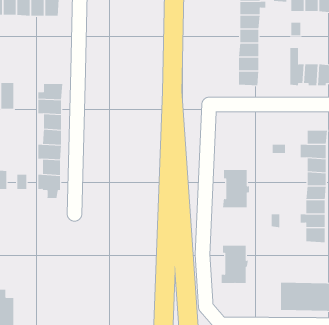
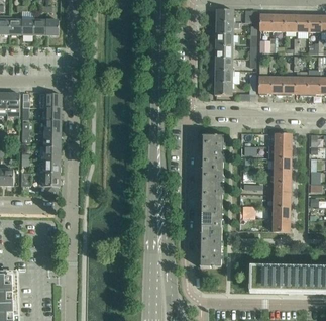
building: none -> [201,135,224,168]
building: none -> [200,201,223,233]

